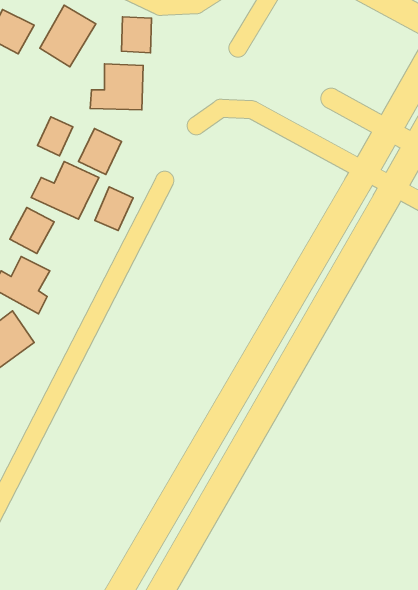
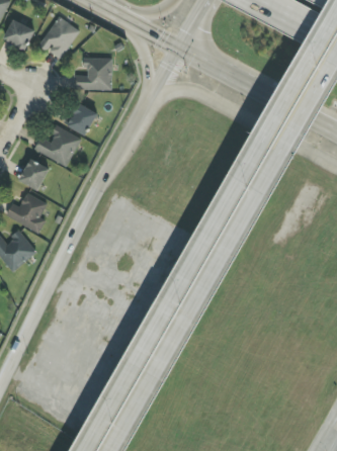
building: [122,17,152,53] -> none
building: [38,117,73,156] -> none
building: [95,187,133,230] -> none

